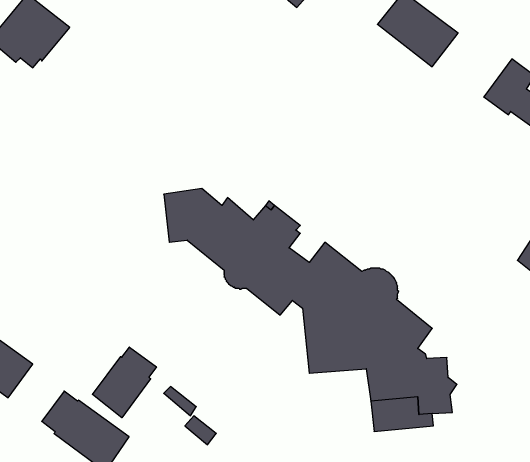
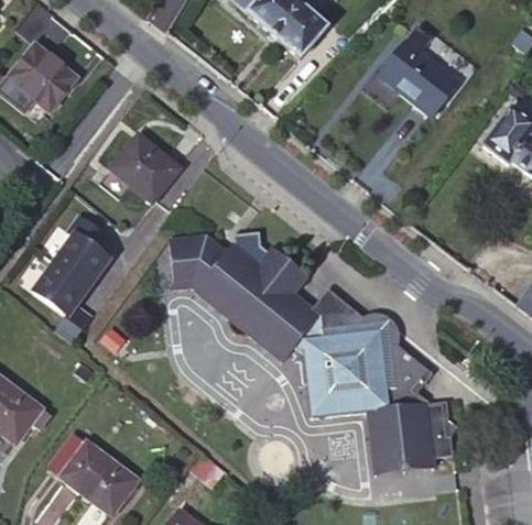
building: none -> [100,134,180,200]
building: none -> [32,216,109,342]
building: [92,347,156,418] -> none

